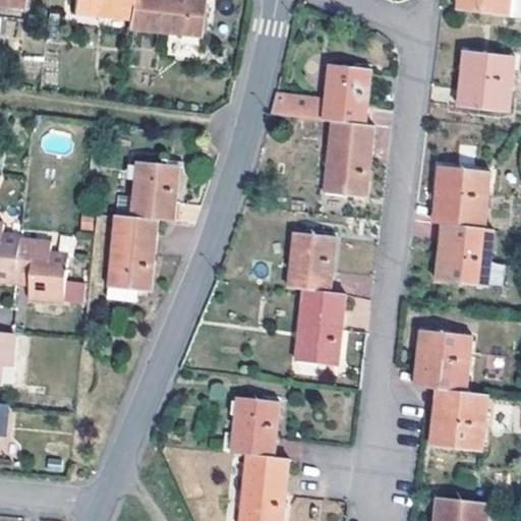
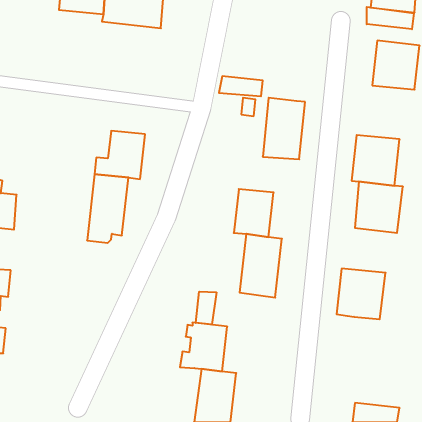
building: none -> [367,7,414,29]
building: [321,64,370,124] -> none
building: [17,239,67,298] -> none
building: none -> [196,292,216,325]
building: [428,389,488,451] -> none

